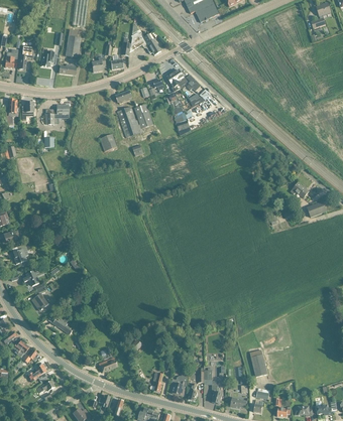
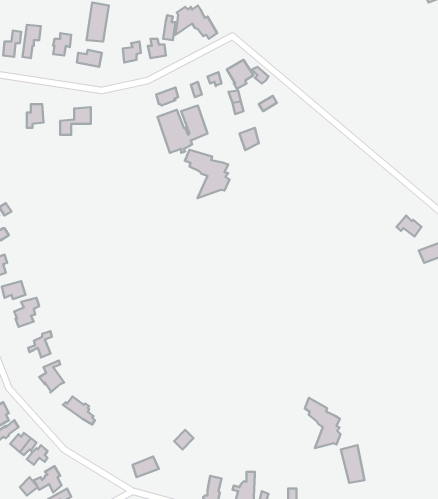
building: none -> [185,150,229,198]
building: none -> [305,398,341,448]

